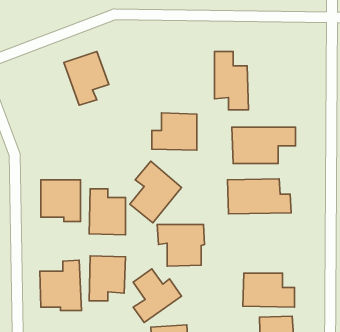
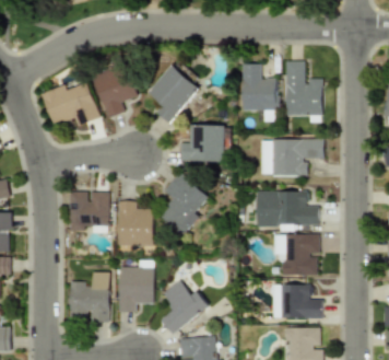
building: none -> [285,60,322,116]
building: none -> [149,65,200,124]
building: none -> [43,82,101,126]
building: [157,225,205,266] -> [273,234,320,276]

